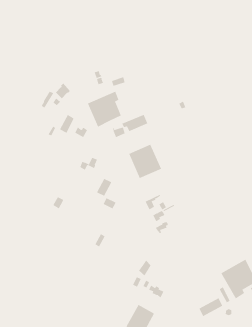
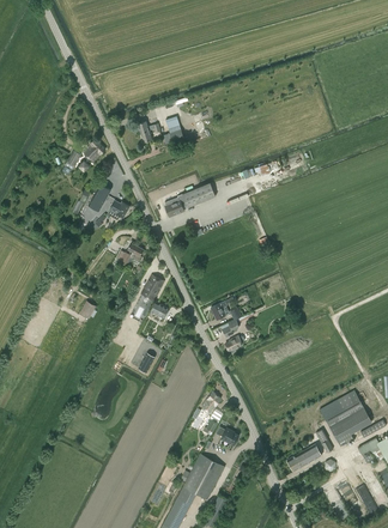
building: [87,91,122,127] -> none
building: [128,144,162,179] -> none

